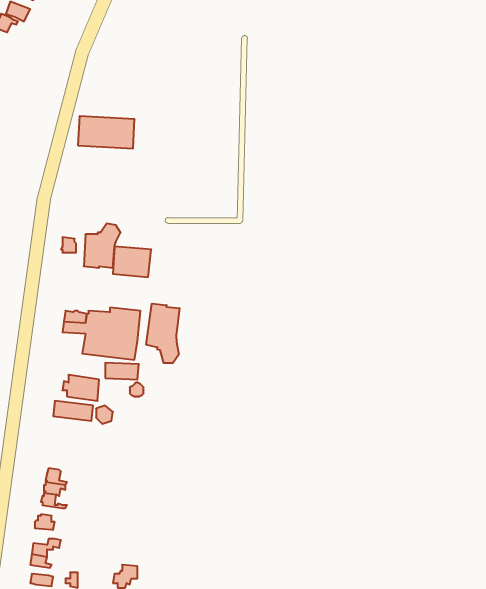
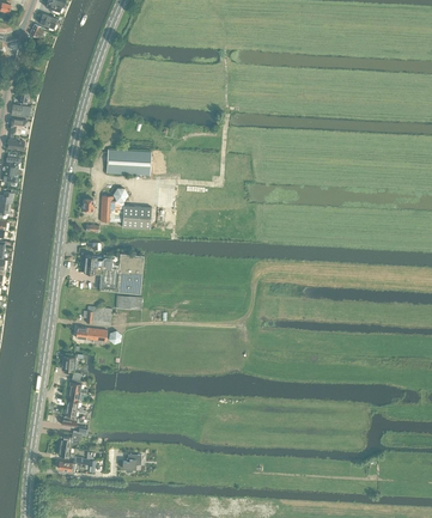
building: [78,116,135,148] -> [105,150,150,175]
building: [146,304,179,363] -> none

